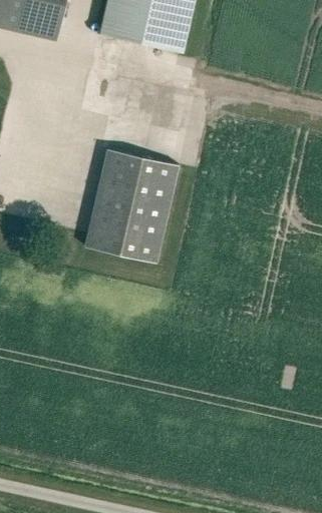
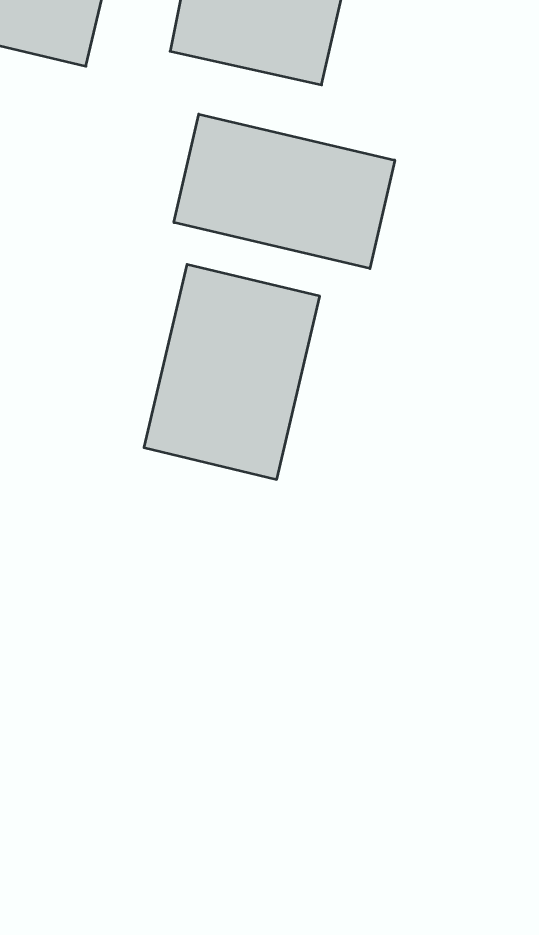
building: none -> [174,114,395,269]

